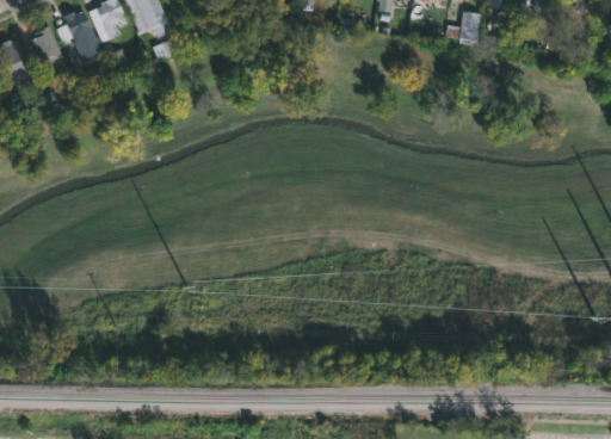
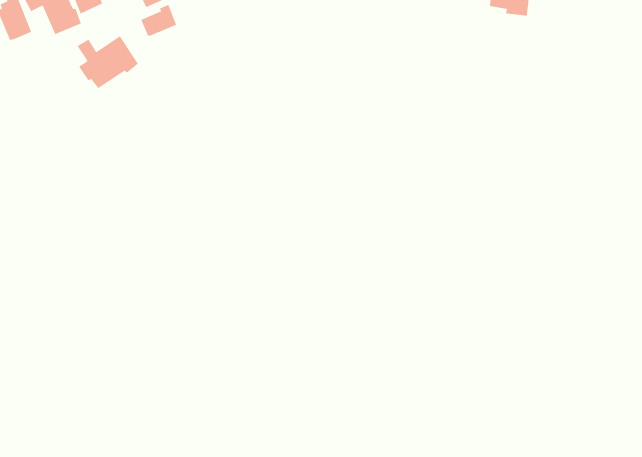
building: none -> [76,35,139,89]

